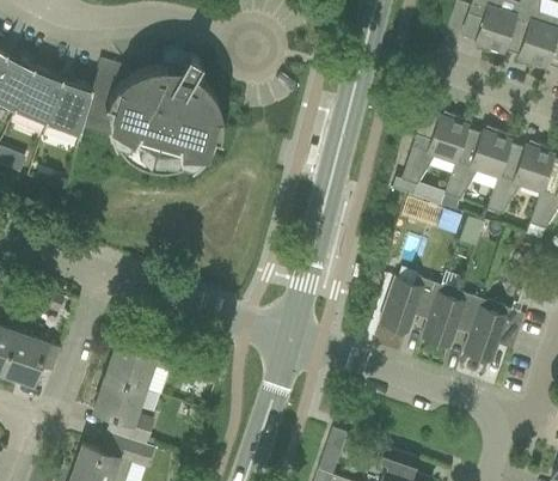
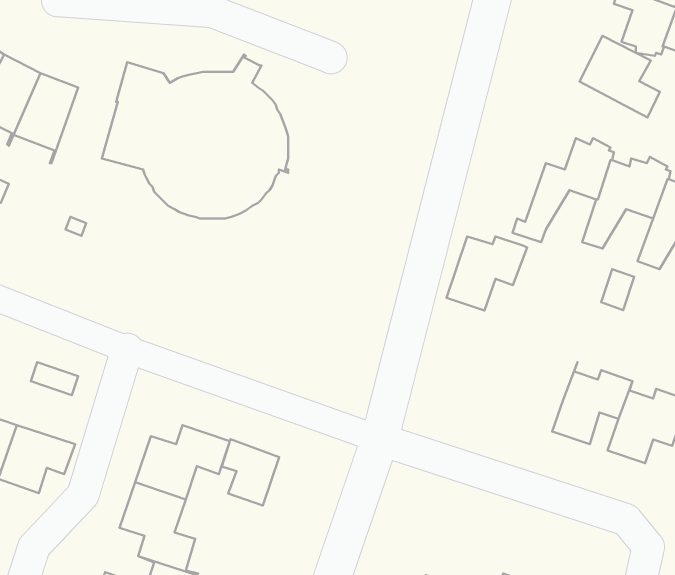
building: none -> [579,36,660,118]
building: [42,77,92,146] -> none
building: [379,276,440,333] -> [447,236,527,311]
building: none -> [222,439,279,505]

